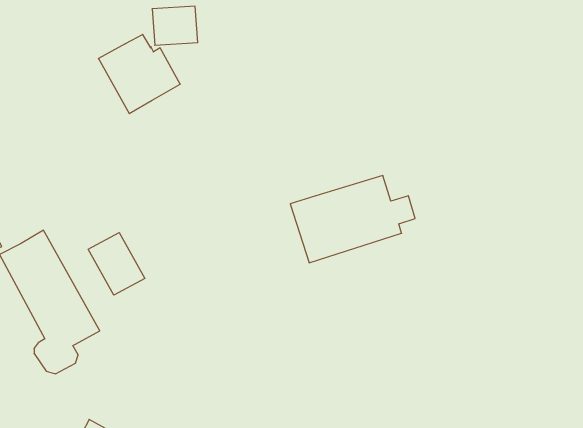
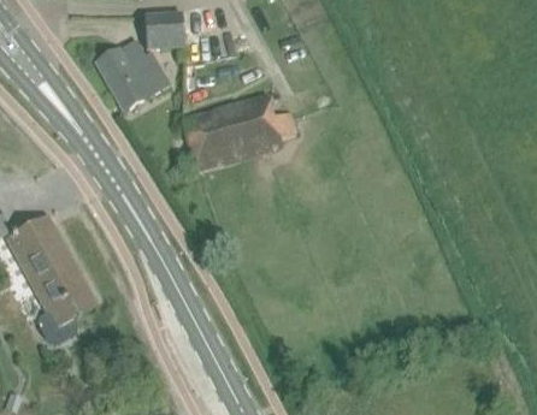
building: [290,176,415,263] -> [181,91,293,170]
building: [88,233,145,295] -> none

